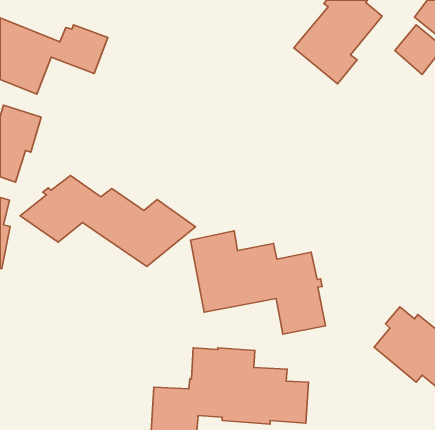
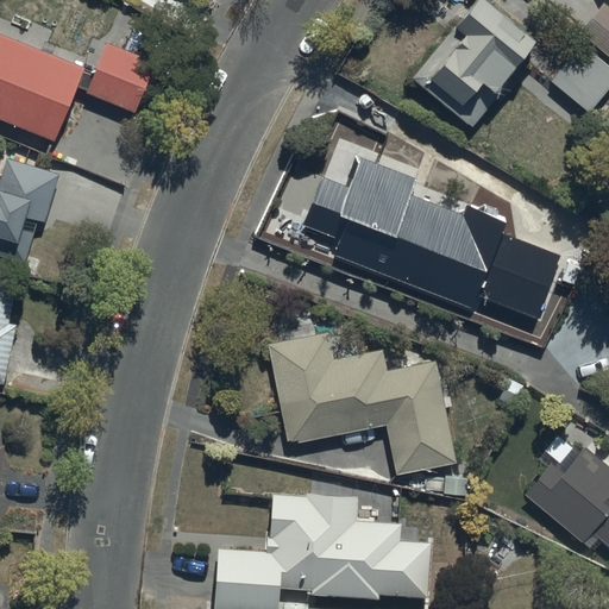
building: none -> [302,158,560,315]
building: [20,175,195,267] -> none

